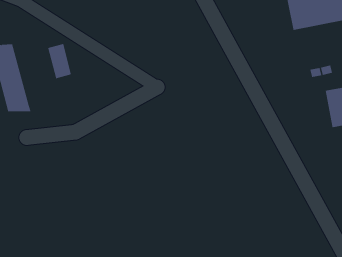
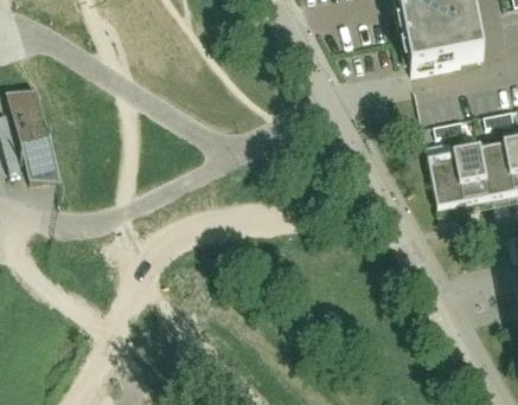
building: [47,43,71,79] -> none
building: none -> [428,150,463,206]

